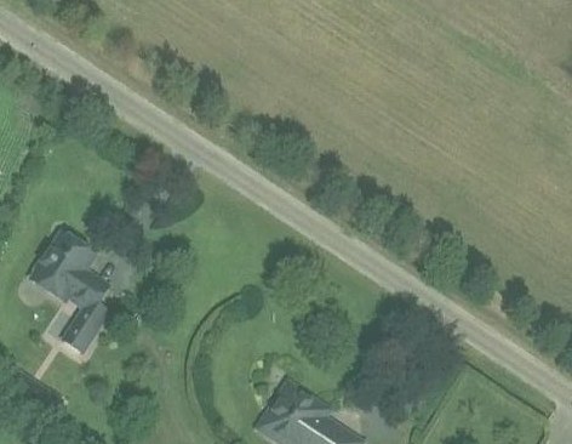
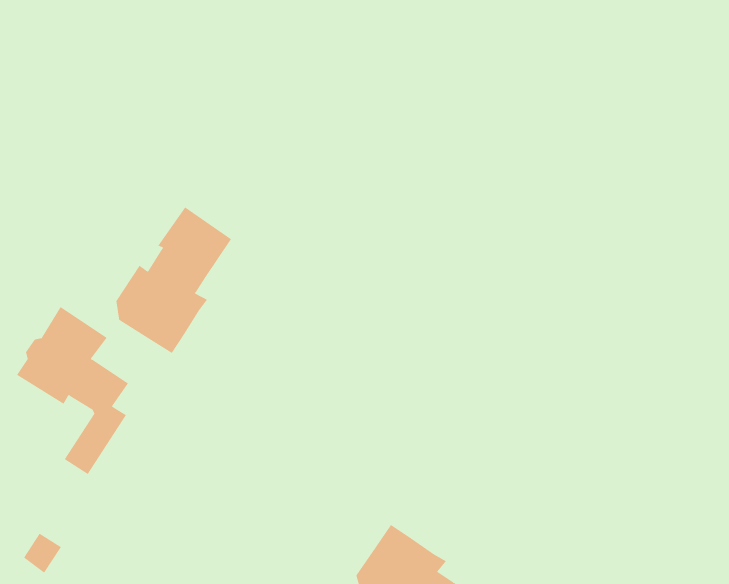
building: none -> [116,206,232,354]

